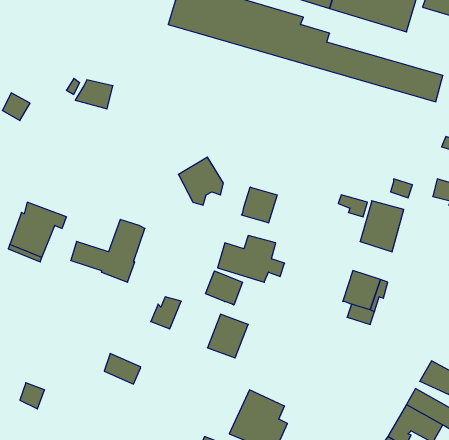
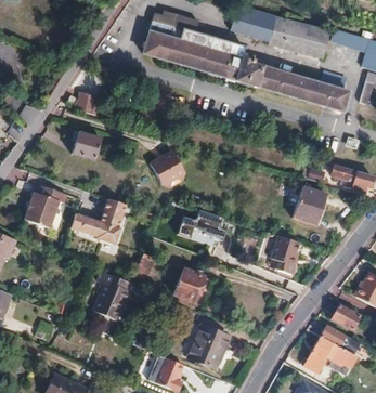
building: none -> [76,131,103,158]
building: [242,187,277,223] -> none
building: [206,271,243,305] -> none
building: none -> [98,272,131,307]

